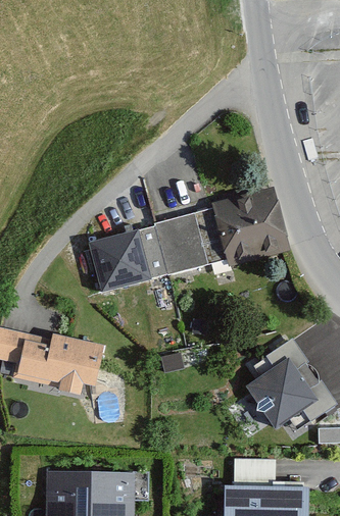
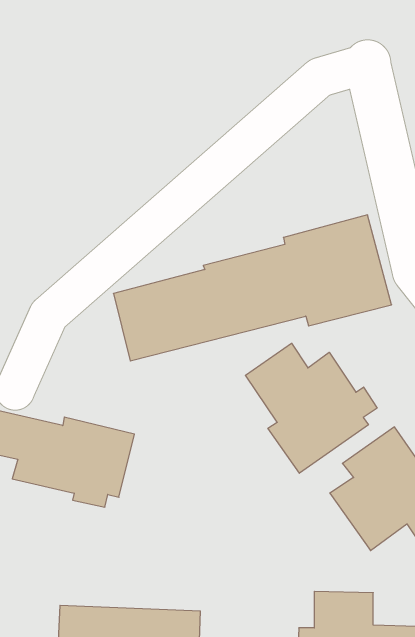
building: none -> [245,343,377,473]

